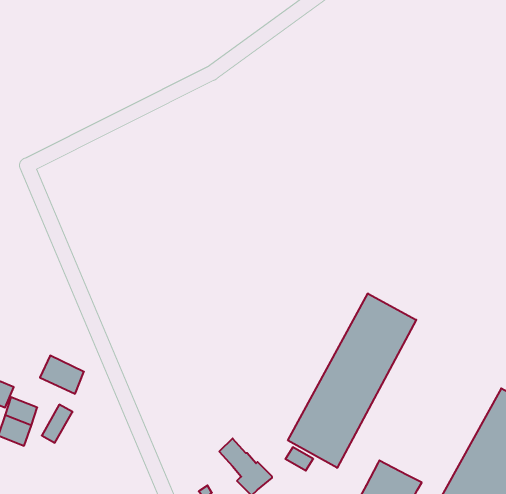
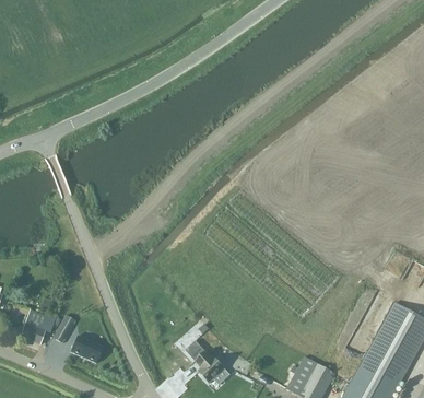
building: [288,293,416,468] -> none
building: [40,356,84,394] -> [70,336,103,364]

